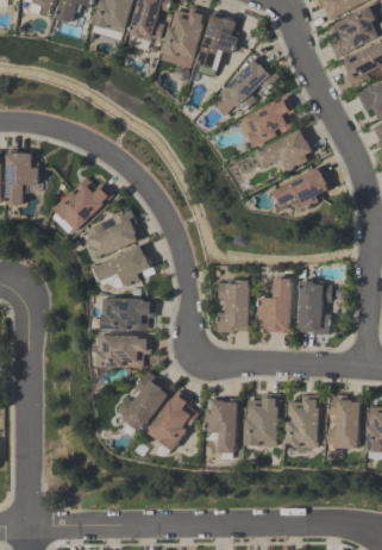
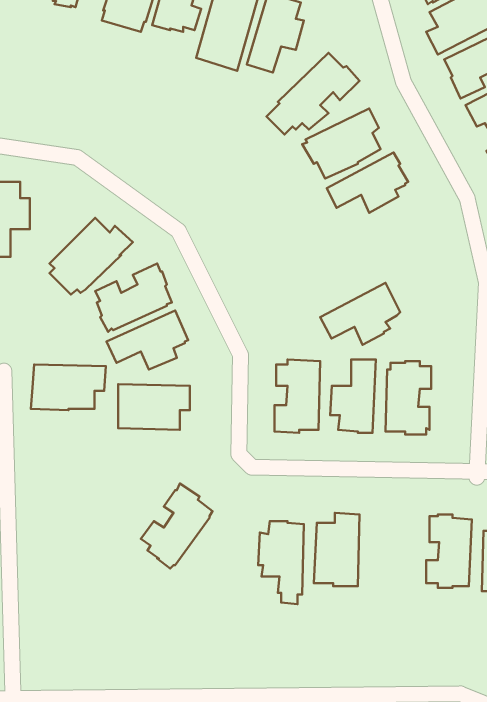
building: [273,167,331,212] -> [320,283,400,345]
building: [98,335,152,368] -> [31,365,106,410]
building: [148,389,200,452] -> none
building: [286,393,320,446] -> none

